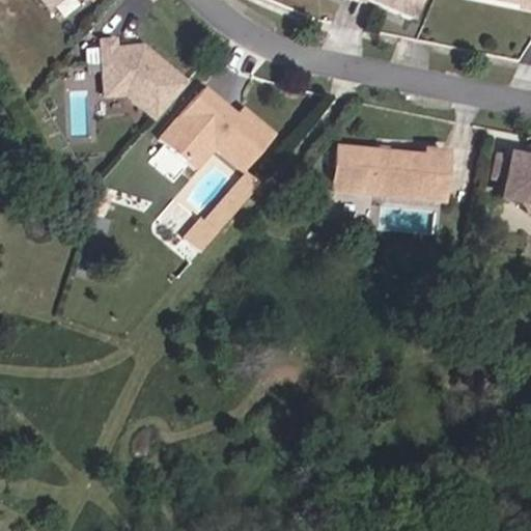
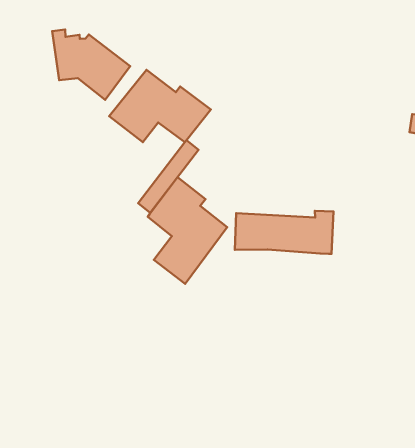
building: [332,147,444,199] -> [235,211,333,254]
building: none -> [148,177,227,284]

